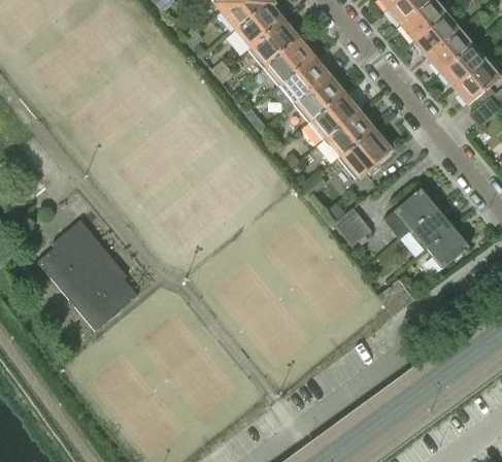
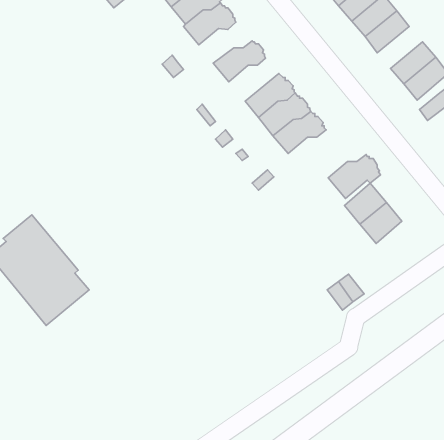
building: [248,26,302,67] -> none
building: [428,30,473,72] -> none
building: [278,62,330,105] -> none
building: [338,134,391,178] -> [328,154,380,198]
building: [333,207,372,246] -> none
building: [427,226,469,268] -> none

